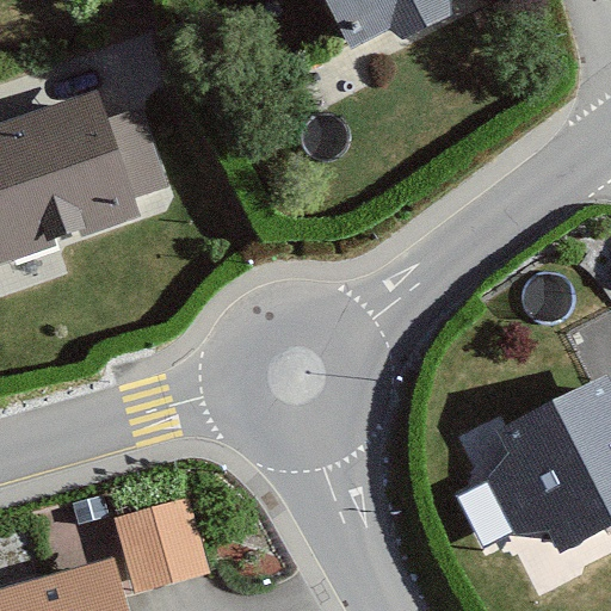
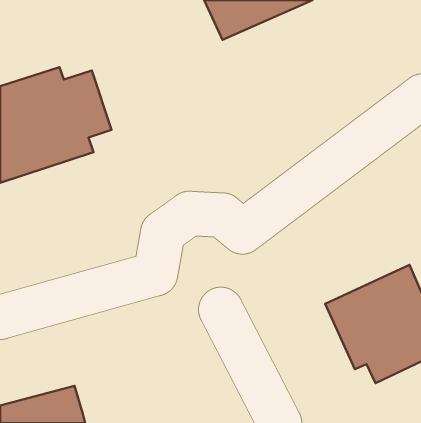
building: [110,494,203,597] -> none

